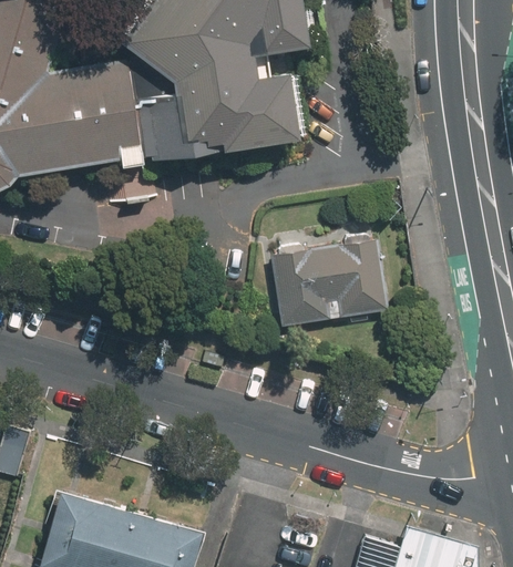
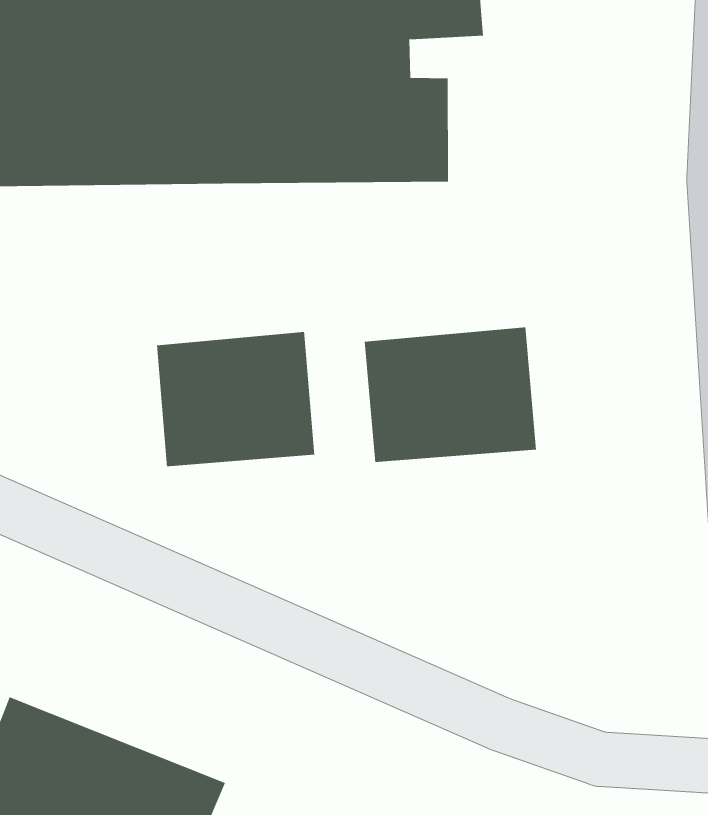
building: none -> [156,331,315,467]

